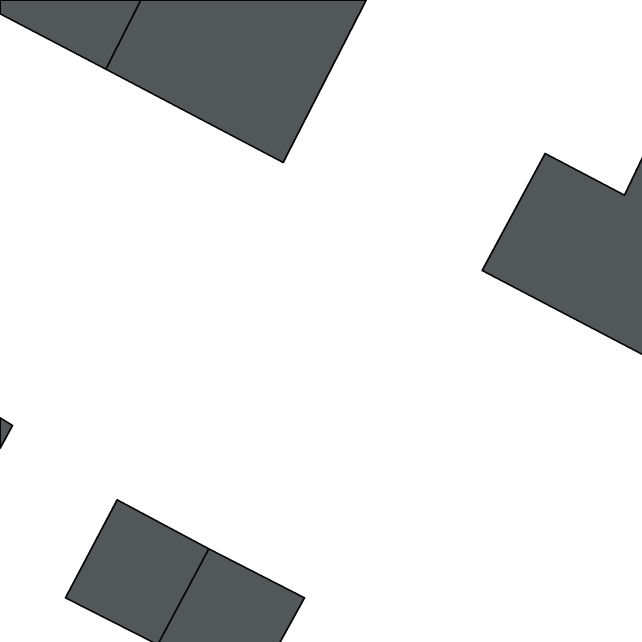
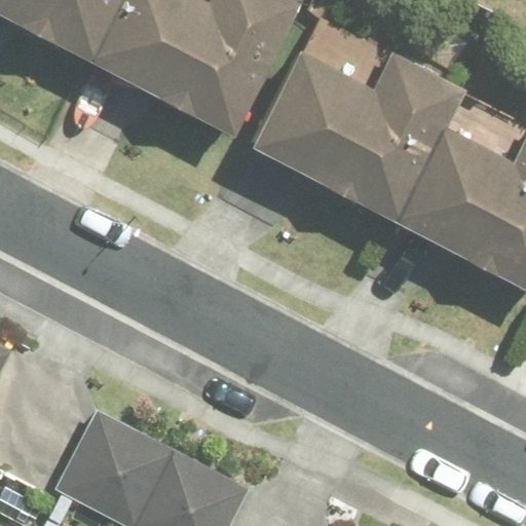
building: none -> [253,49,465,222]

